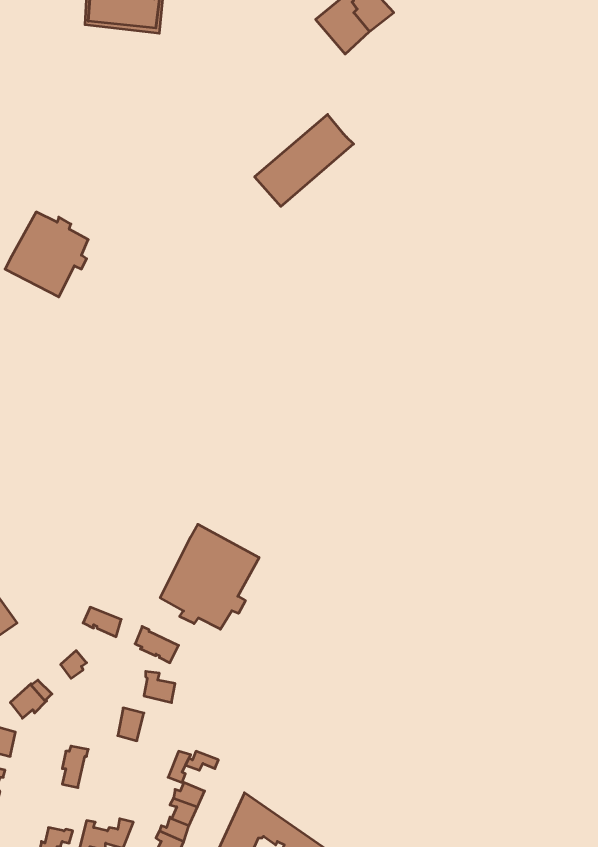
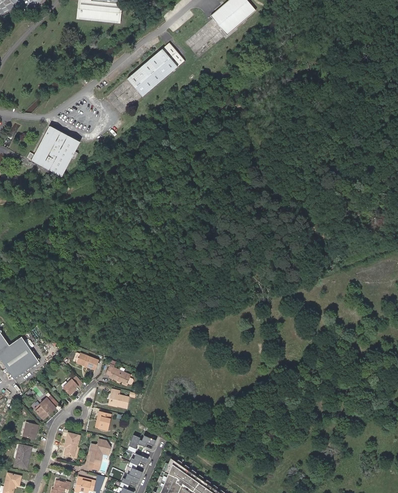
building: [255,114,354,206] -> [128,42,185,95]
building: [160,524,259,629] -> none
building: none -> [89,439,111,470]

